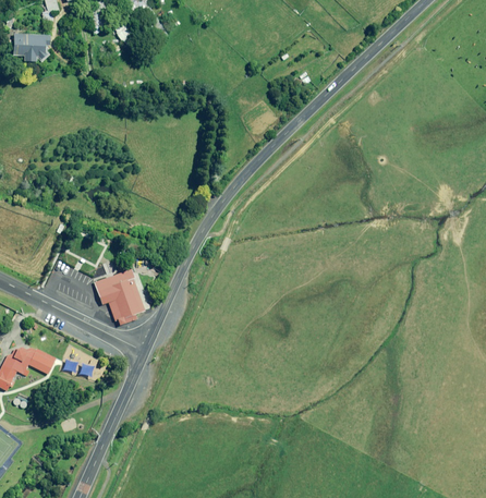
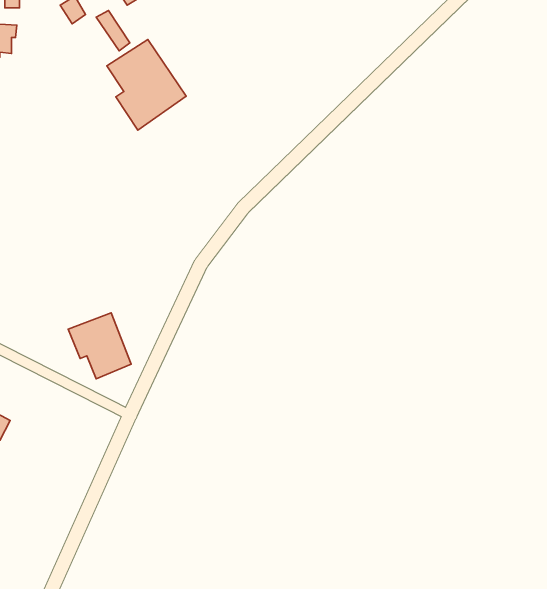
building: none -> [107,39,186,130]

